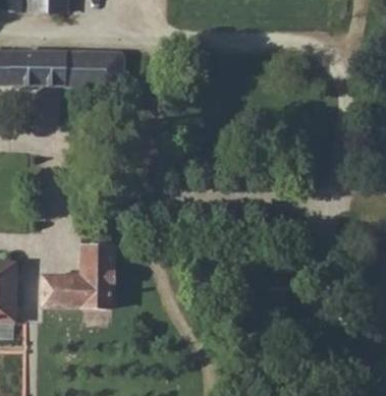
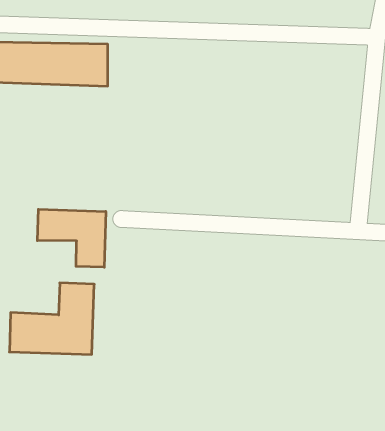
building: none -> [37,209,106,267]

